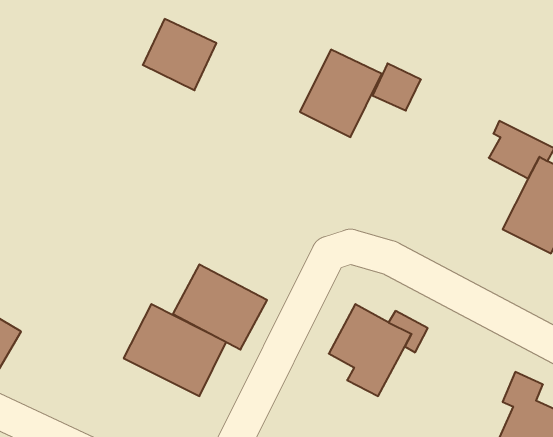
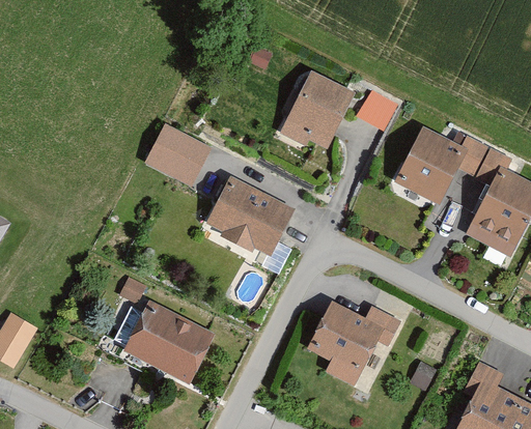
building: [143,19,216,90] -> [139,123,205,188]
building: none -> [396,130,465,203]
building: [173,264,267,350] -> [208,177,294,254]

